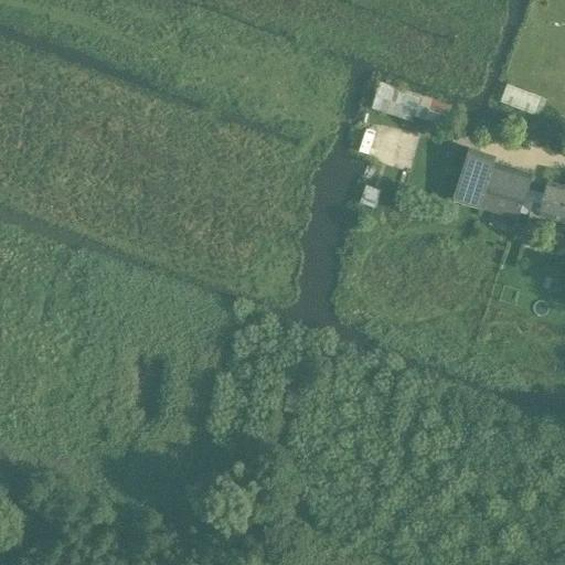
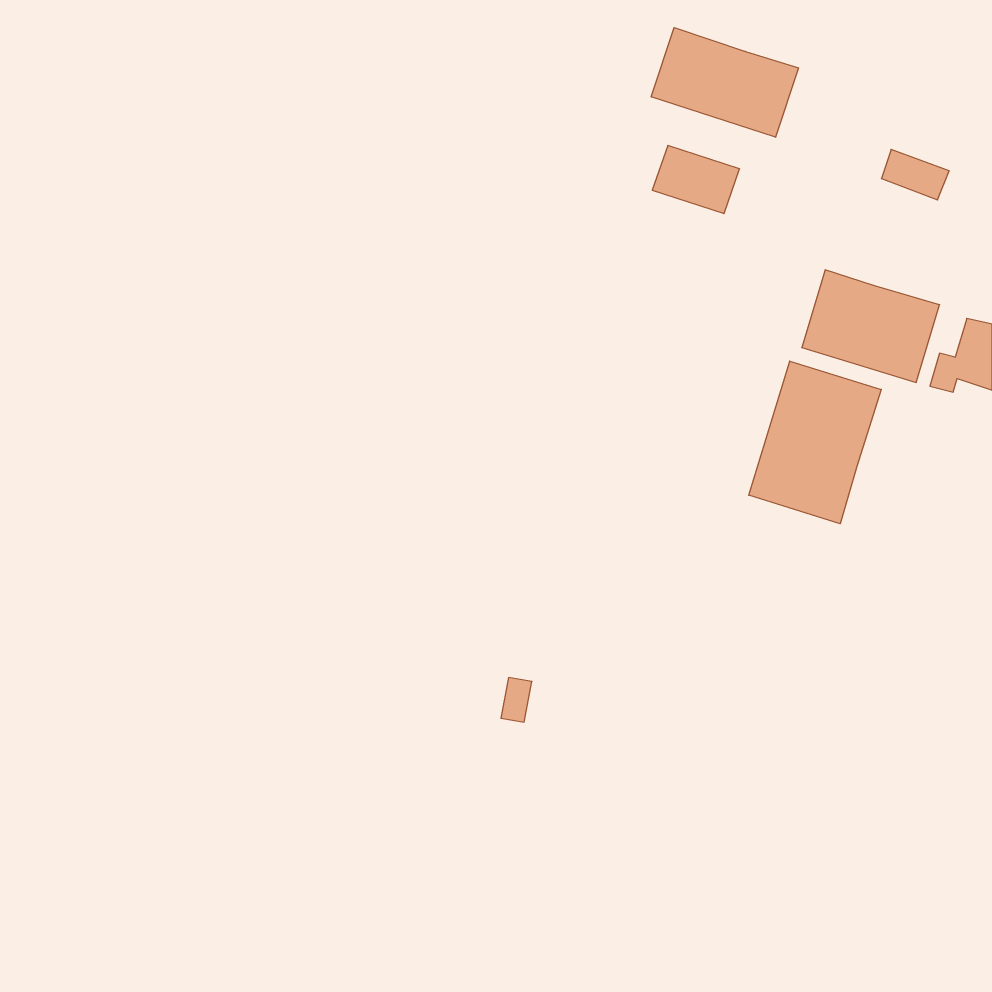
building: none -> [651,28,799,137]
building: none -> [749,361,881,524]

